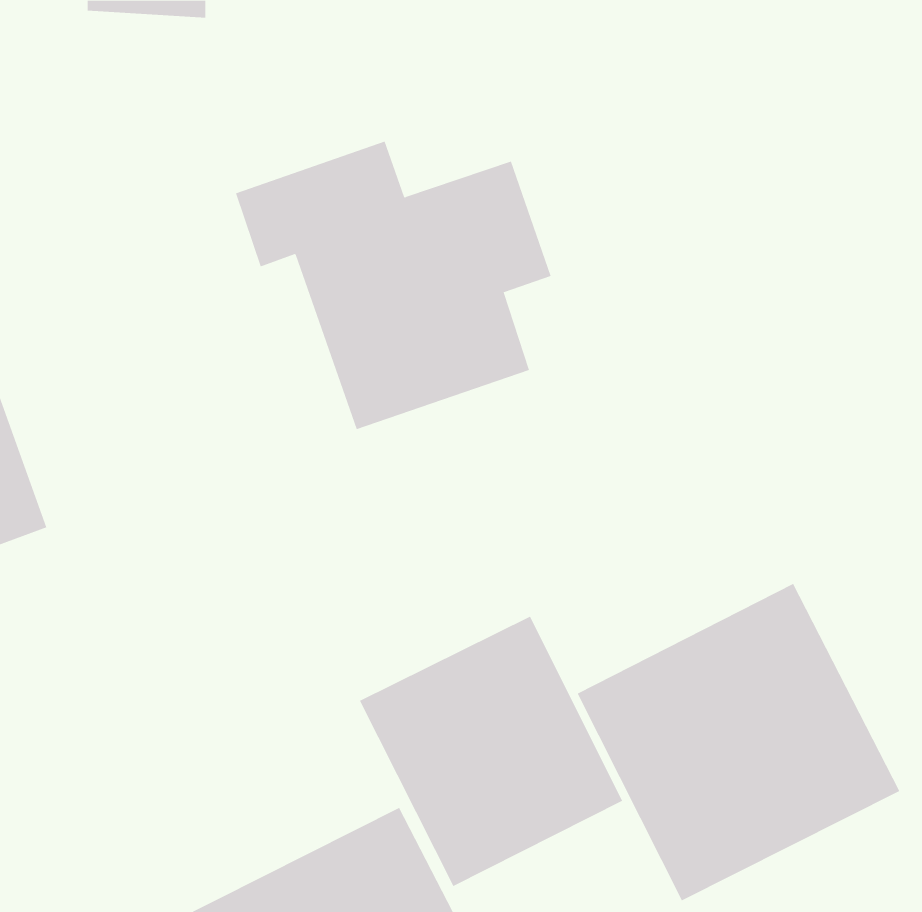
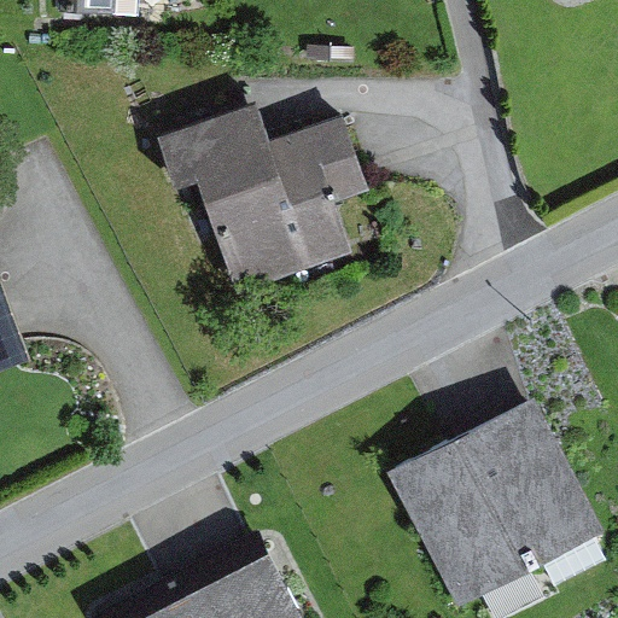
building: [359,616,623,887] -> none

